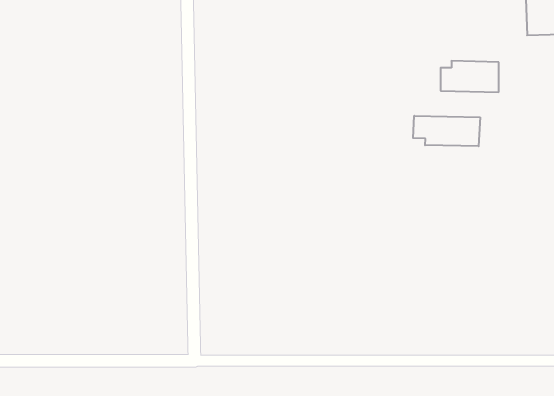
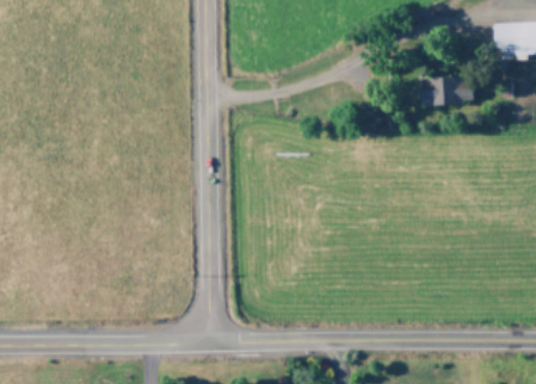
building: [413,116,480,146] -> none

